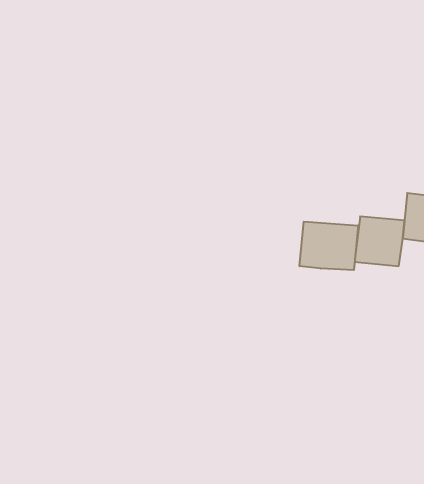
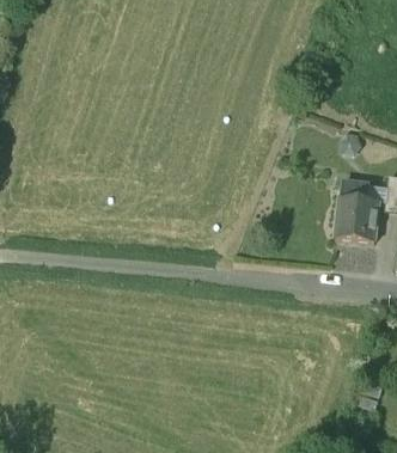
building: [300,222,358,270] -> none

